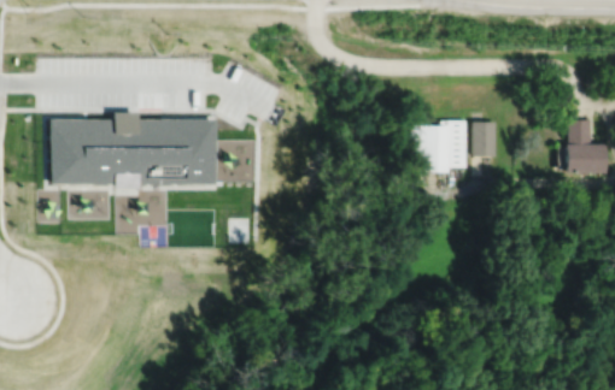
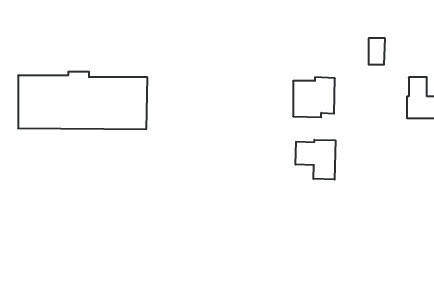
building: [475,122,497,156] -> [369,38,385,65]
building: none -> [295,140,336,180]

